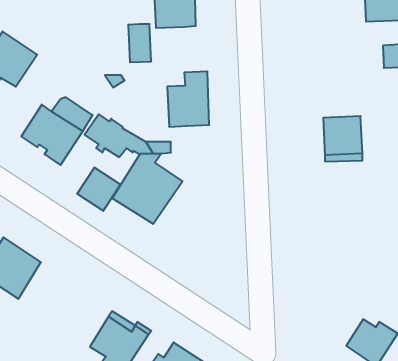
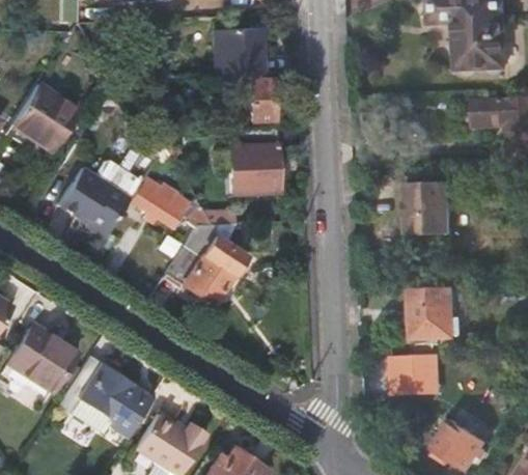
building: [128,24,151,62] -> [247,77,274,121]
building: [77,167,121,211] -> none
building: none -> [413,287,458,341]
building: none -> [394,356,442,394]
building: none -> [63,357,155,441]

